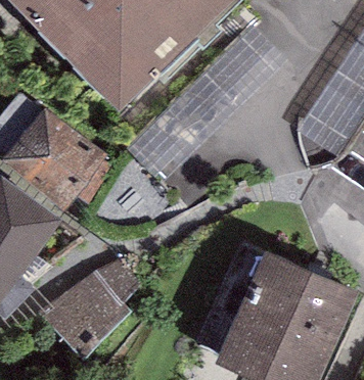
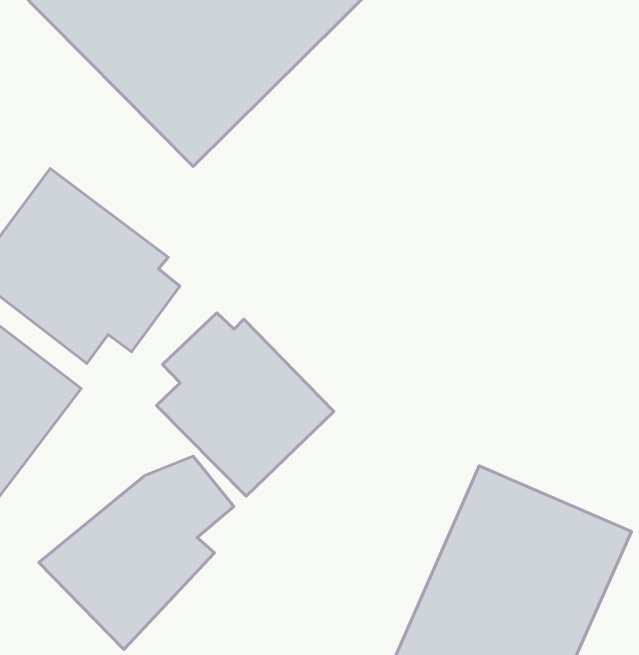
building: none -> [156,313,334,496]

